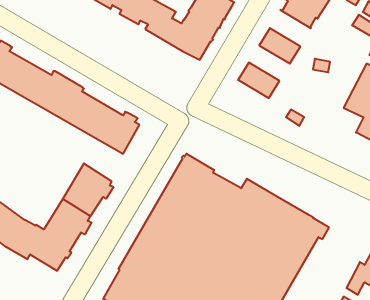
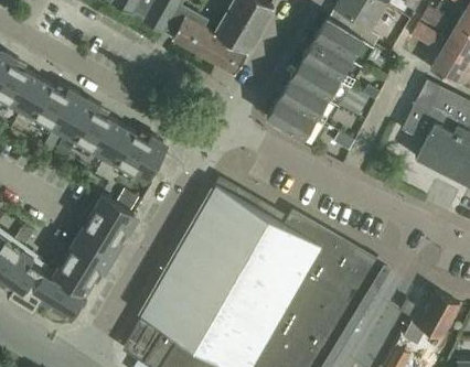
building: none -> [317,17,364,58]
building: none -> [292,57,340,98]
building: none -> [268,97,316,138]

